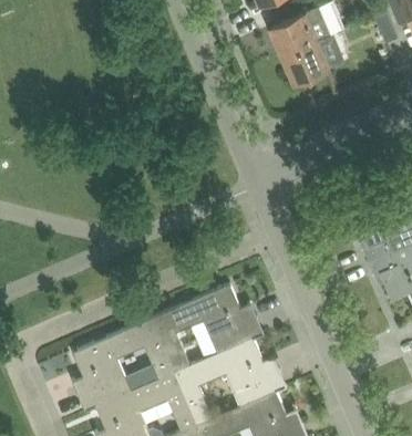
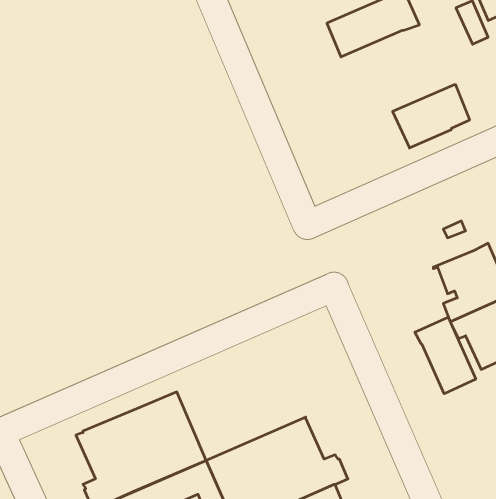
building: [281,34,342,84] -> [393,85,470,148]
building: none -> [415,317,476,394]
building: [152,286,264,374] -> none

